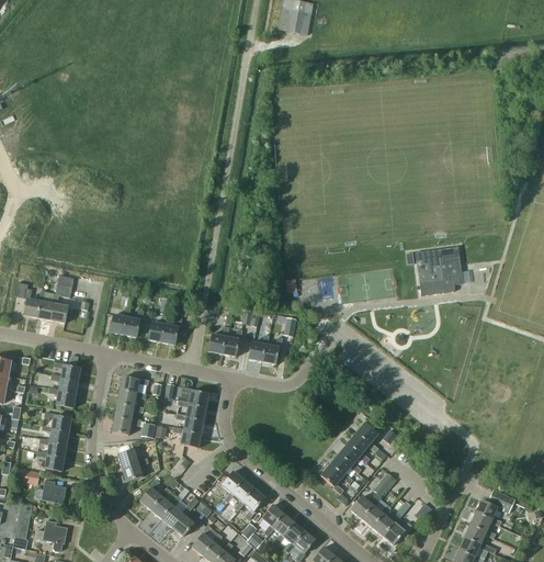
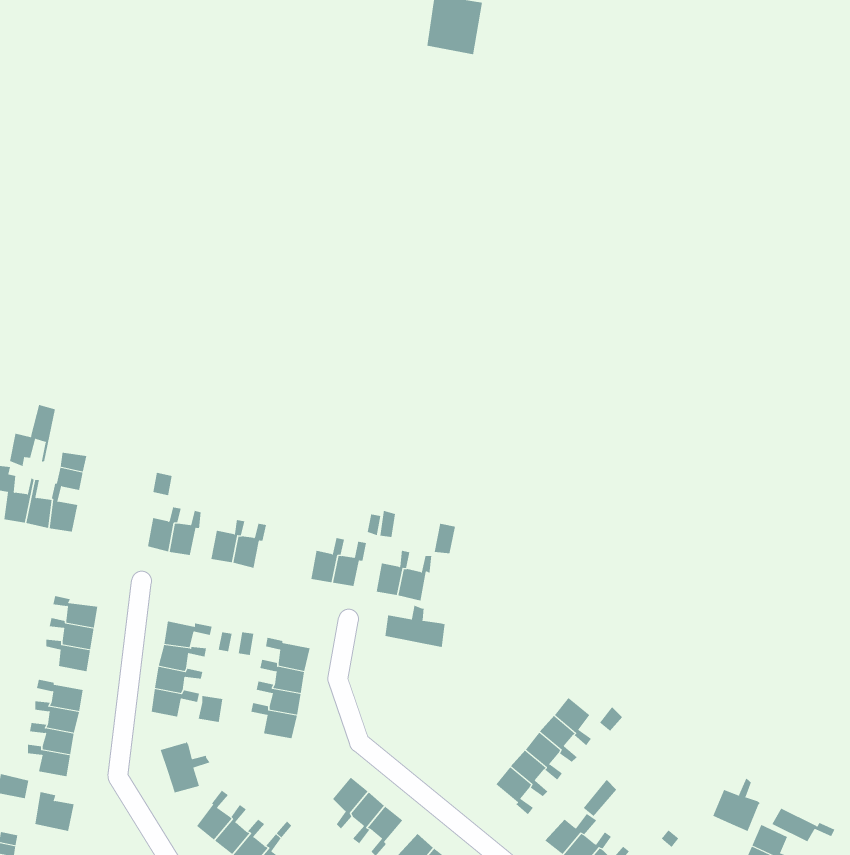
building: none -> [10,404,56,467]
building: [415,246,463,295] -> none
building: none -> [385,605,447,648]
building: none -> [713,777,761,832]

